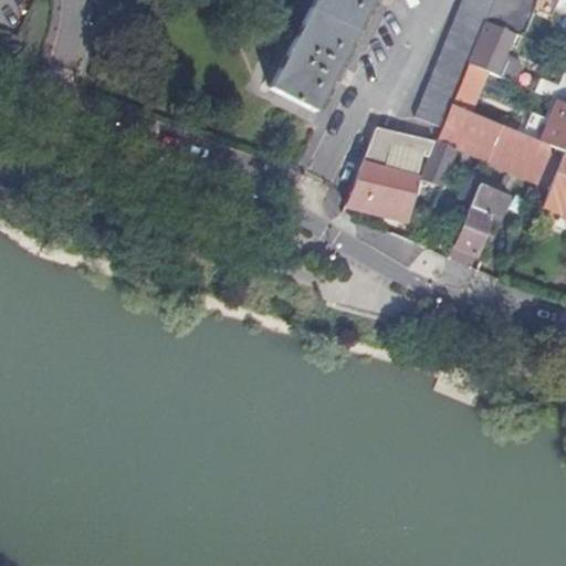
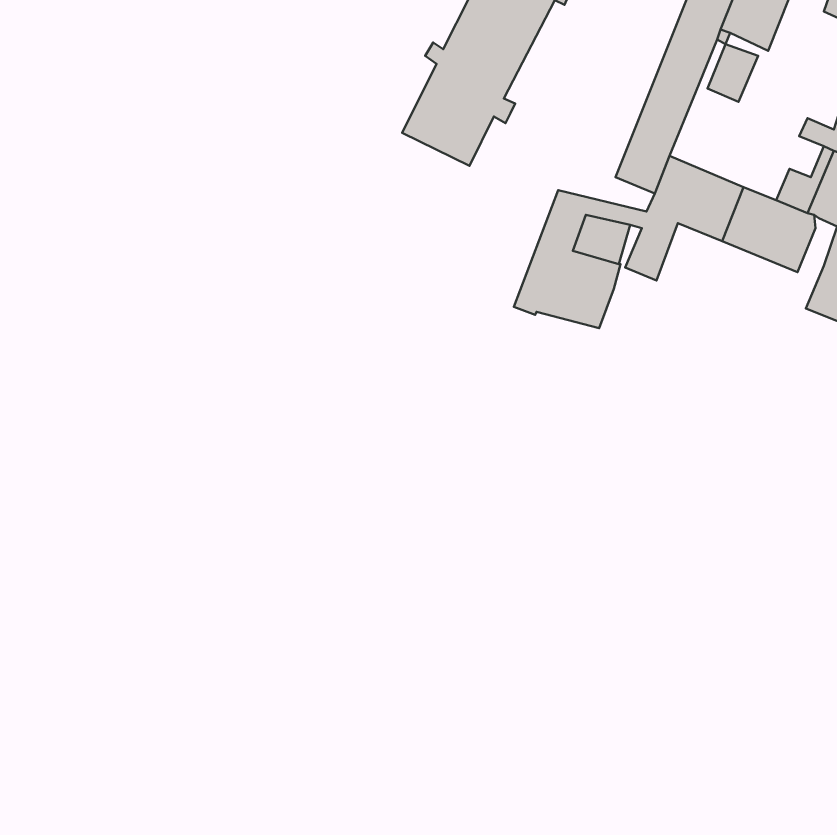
building: [453,180,509,256] -> none

